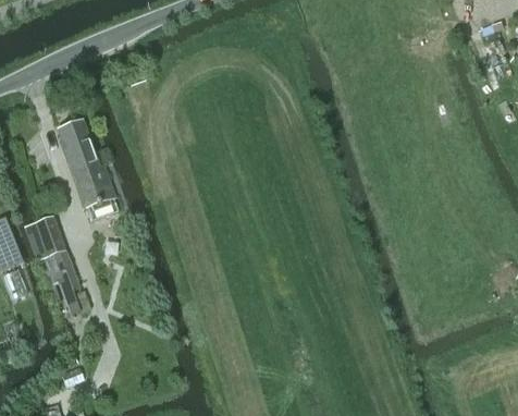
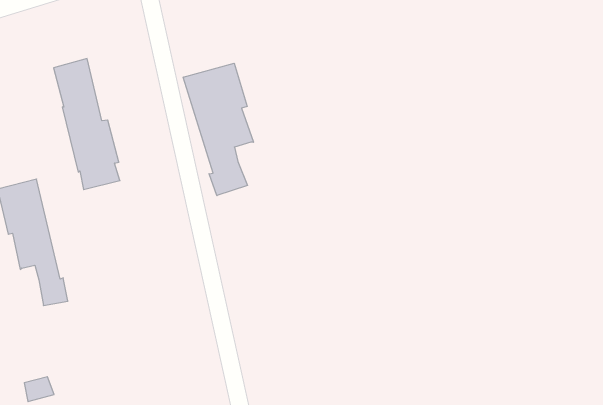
building: none -> [183,63,253,196]

